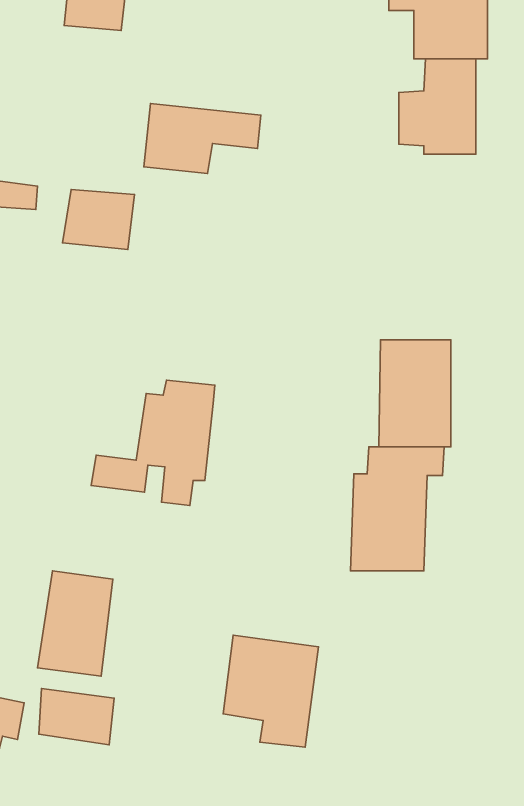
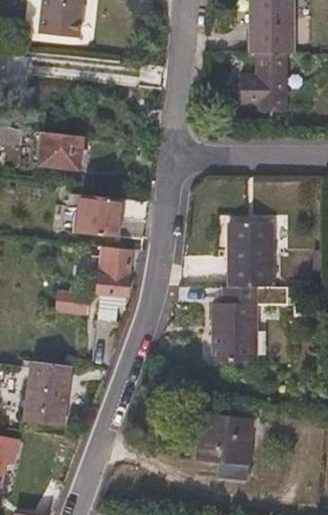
building: [144,103,261,174] -> [77,194,148,236]
building: [223,635,318,747] -> [196,412,254,480]
building: [39,689,114,745] -> none

